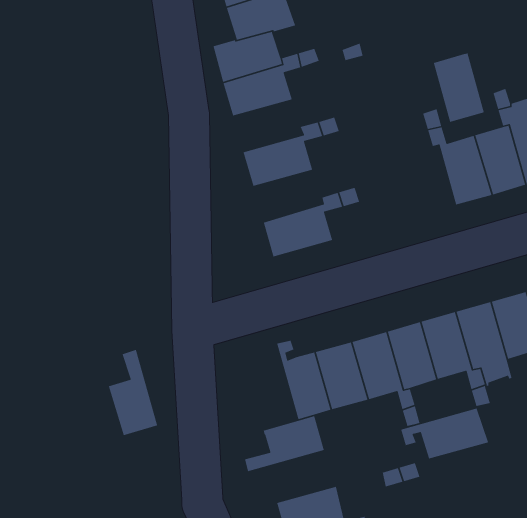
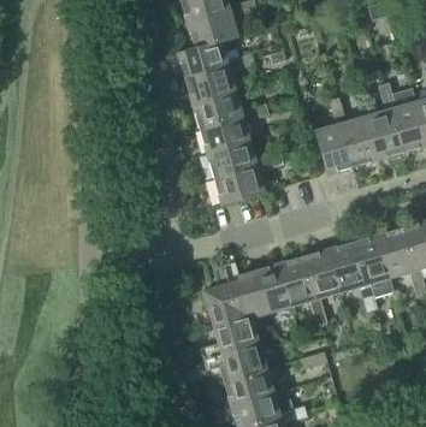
building: [433,53,485,123] -> [314,123,351,173]
building: none -> [191,90,242,127]
building: none -> [206,141,256,178]
building: [108,349,158,436] -> [202,265,238,327]
building: [400,407,489,460] -> [202,342,266,379]

